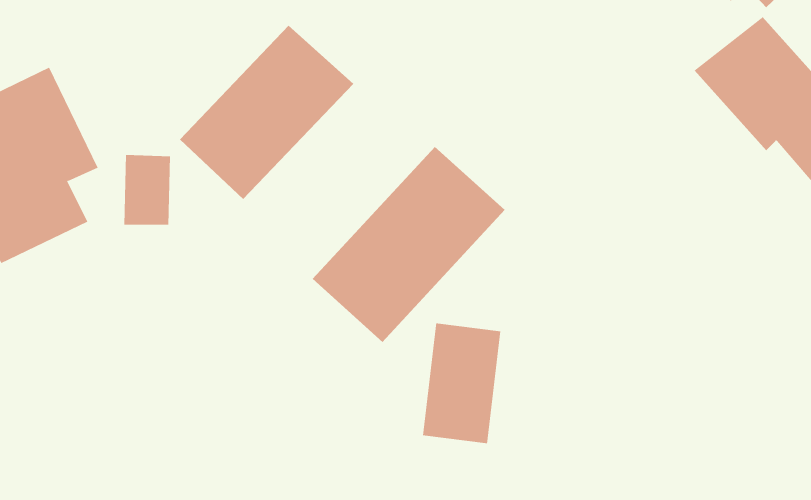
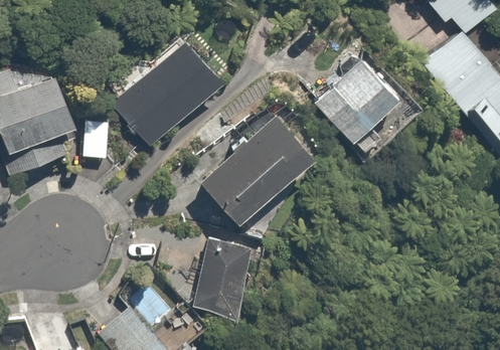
building: none -> [315,61,397,143]
building: [422,323,501,444] -> [198,242,245,315]

